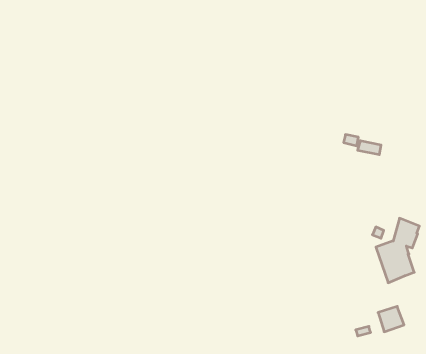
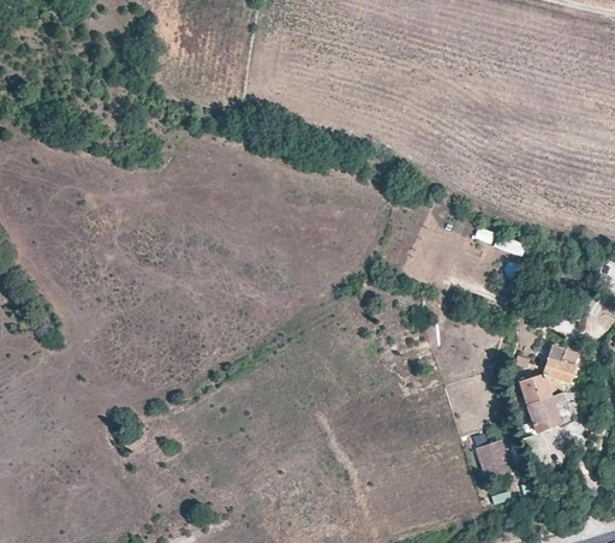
building: [378,306,404,332] -> [477,442,513,477]

